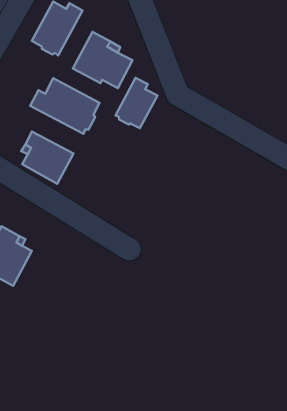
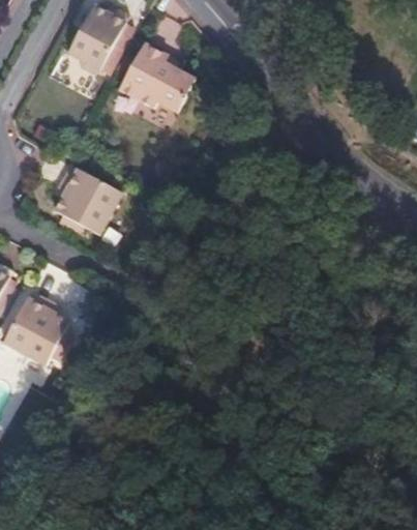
building: [115,78,157,128] -> none
building: [30,78,100,134] -> none

